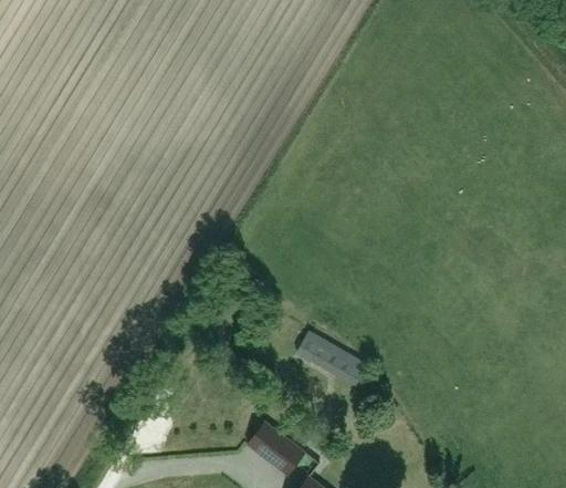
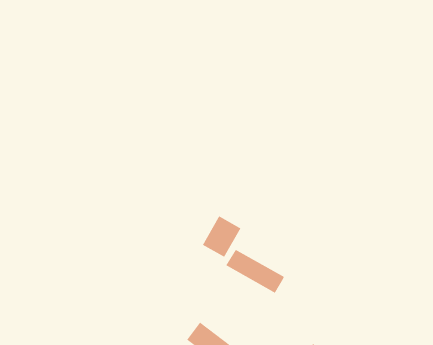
building: none -> [202,215,241,258]

